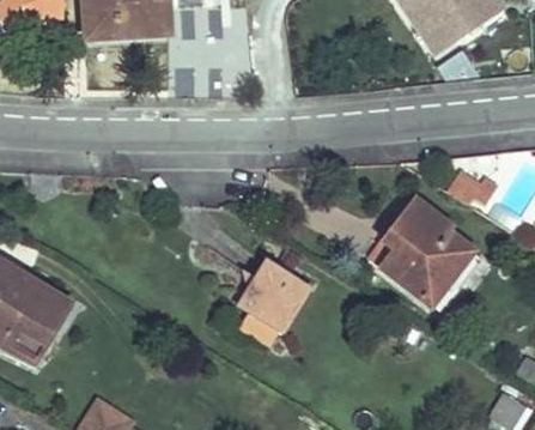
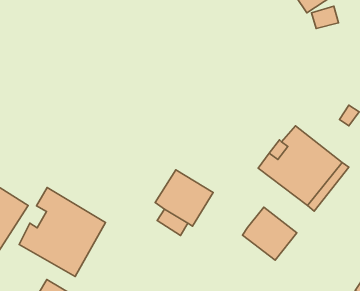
building: none -> [19,188,105,277]
building: none -> [243,207,297,260]

